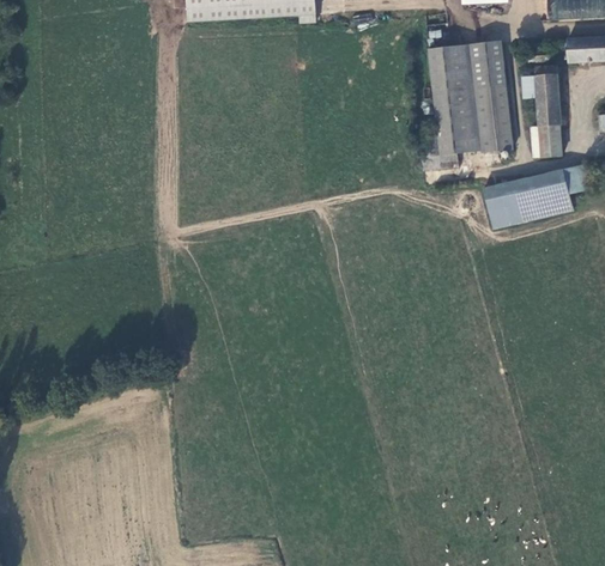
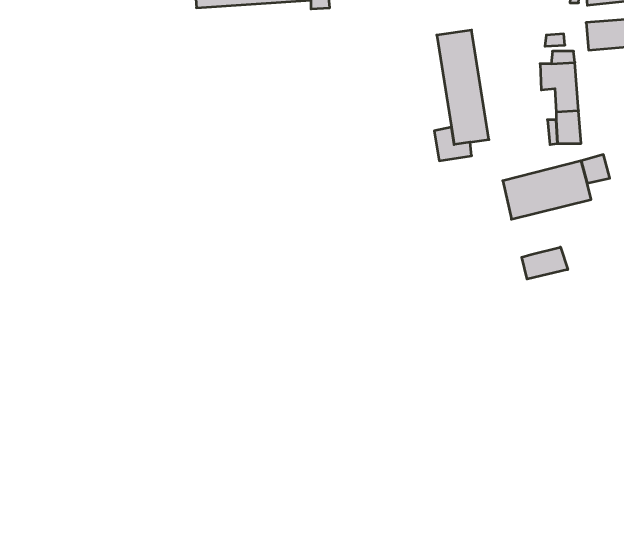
building: [456,39,514,152] -> none
building: none -> [522,247,568,279]

